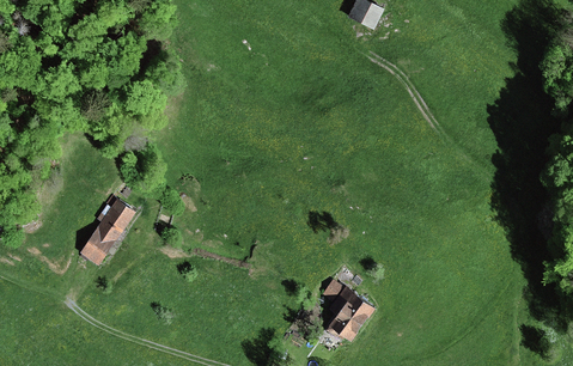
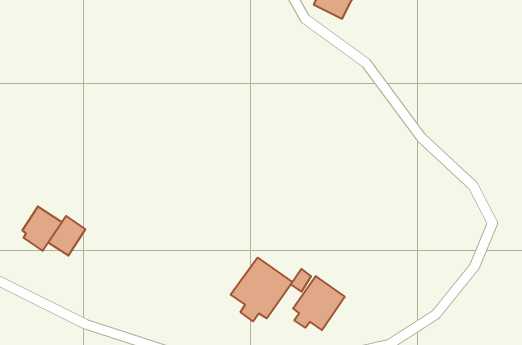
building: [97,195,136,239] -> [22,206,62,251]
building: none -> [231,258,292,321]

